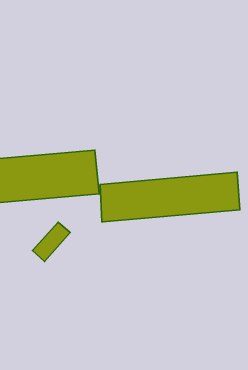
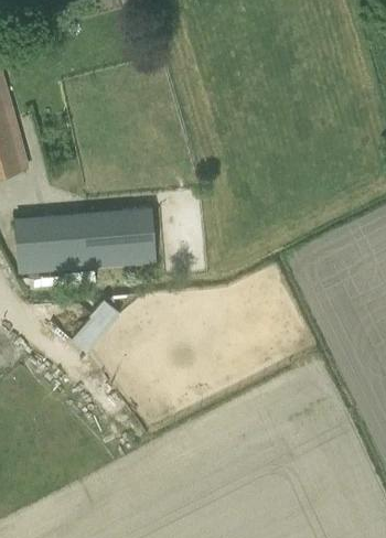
building: [100,172,240,222] -> none

